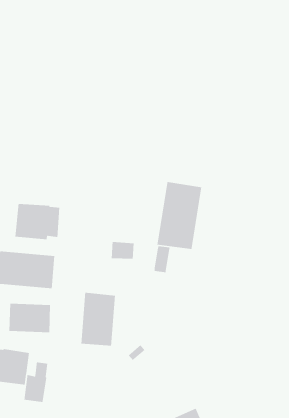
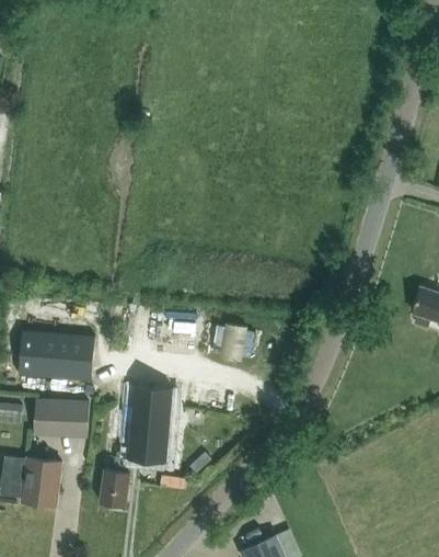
building: [157,181,202,250] -> none
building: [15,203,60,240] -> none
building: [24,361,48,403] -> [100,453,131,507]

